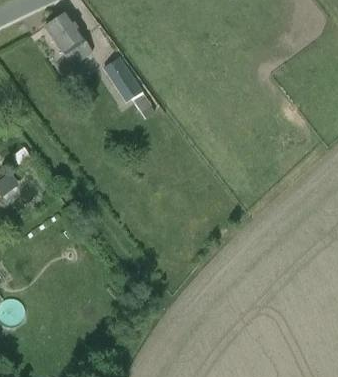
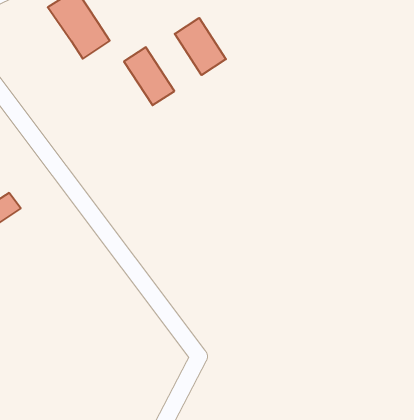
building: none -> [175,18,226,75]

